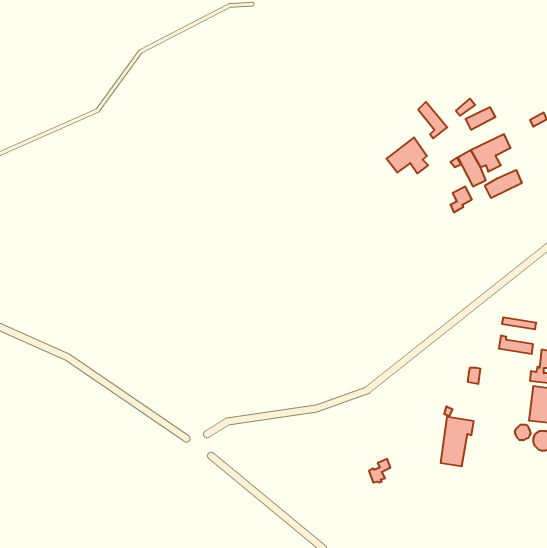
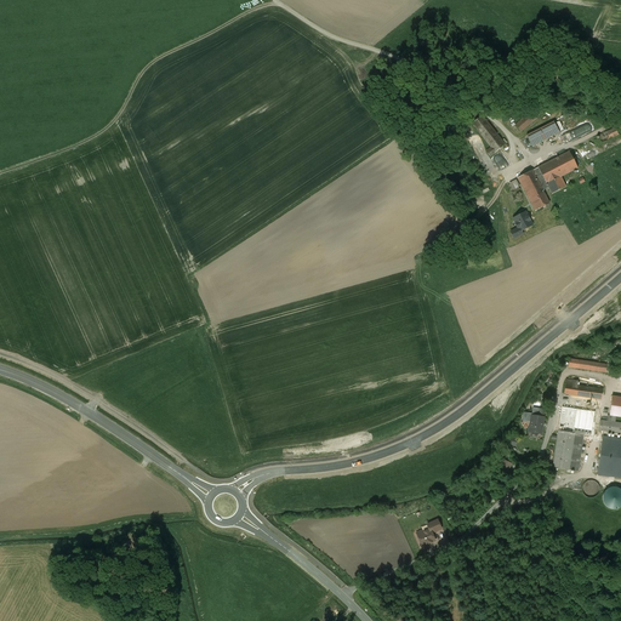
building: [386,137,428,173] -> none
building: [485,170,522,198] -> none
building: [441,417,474,466] -> [554,415,592,471]

